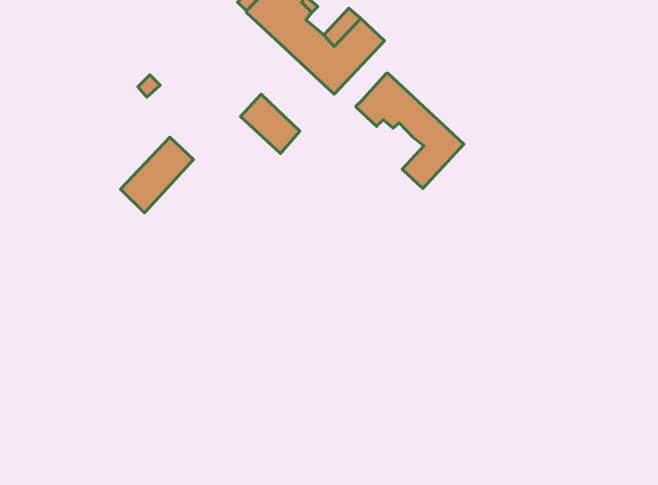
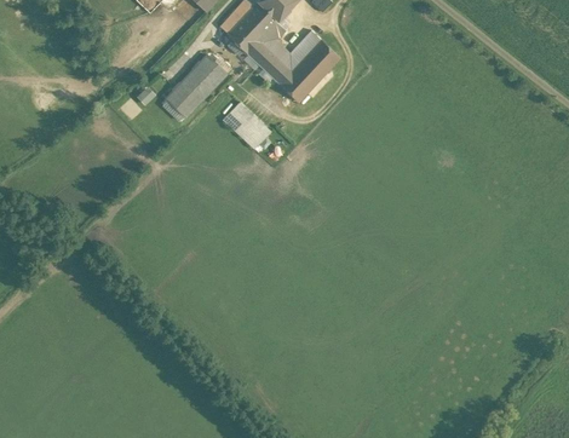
building: [356,73,464,189] -> none
building: [121,137,193,213] -> [166,54,225,116]

